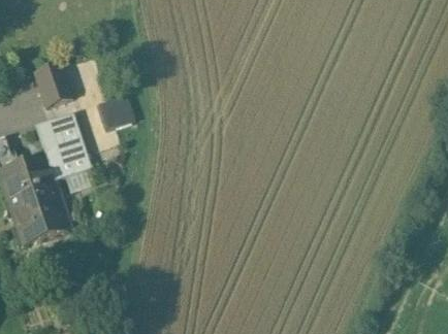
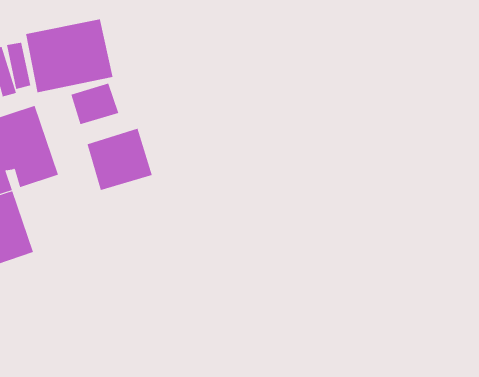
building: none -> [25,19,113,93]
building: none -> [87,128,152,191]

